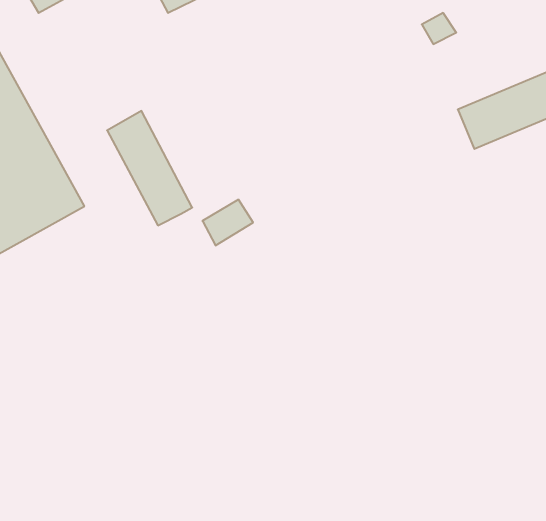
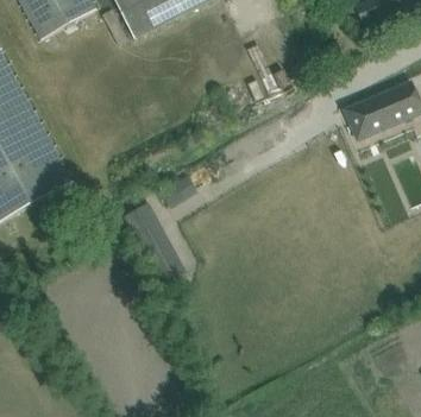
building: [107,111,192,225] -> [122,201,184,284]

